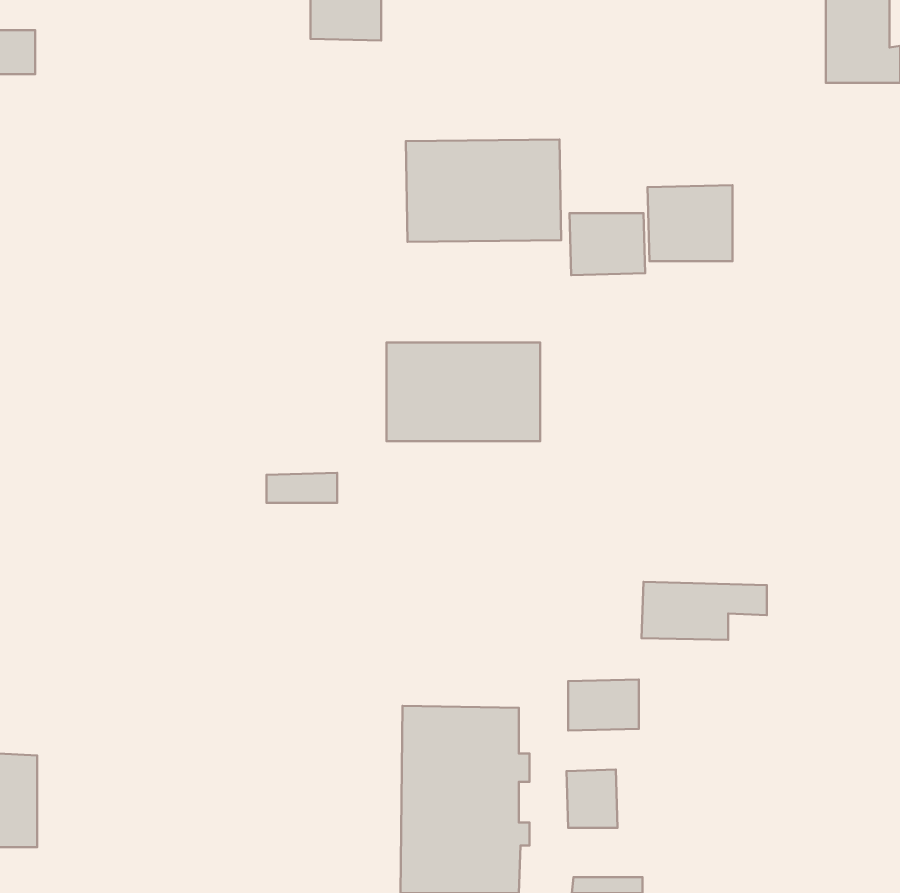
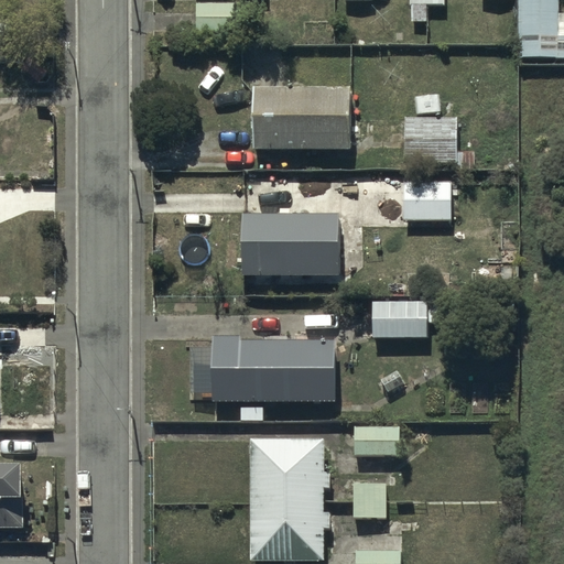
building: [569,213,645,275] -> [403,182,451,220]
building: none -> [214,340,332,401]
building: [642,582,767,640] -> [372,302,451,338]

